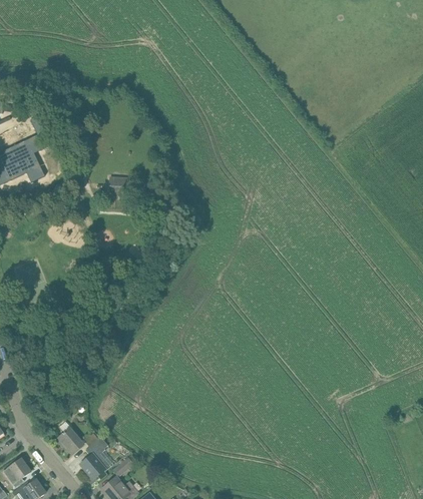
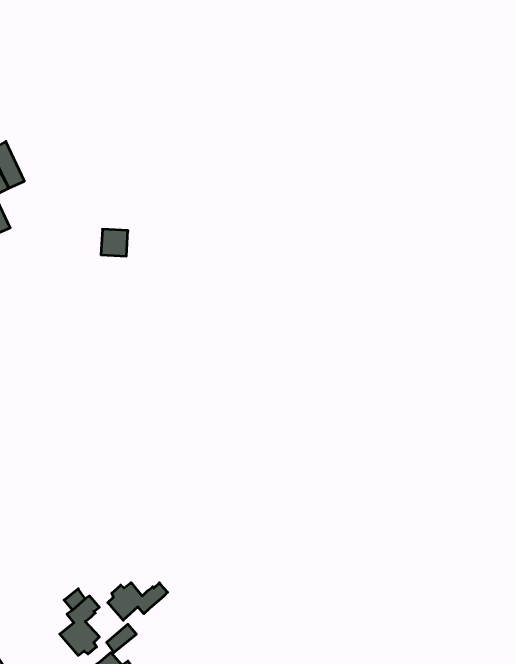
building: [57,421,83,453] -> none
building: none -> [108,583,168,620]

